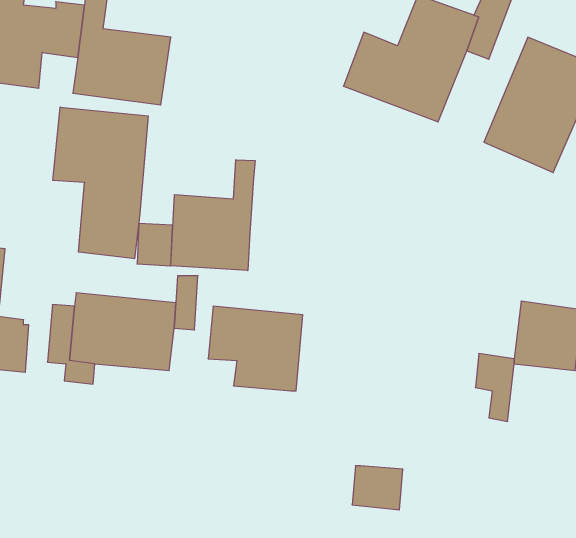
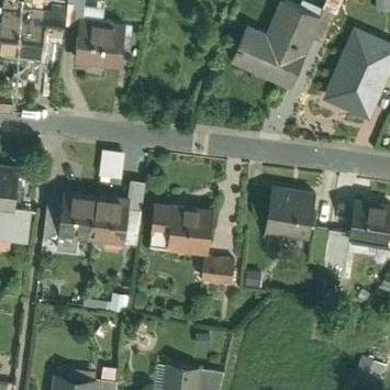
building: [53,107,148,259] -> none
building: [171,160,255,271] -> none
building: none -> [265,187,319,239]
building: [352,466,403,510] -> [201,257,234,286]

